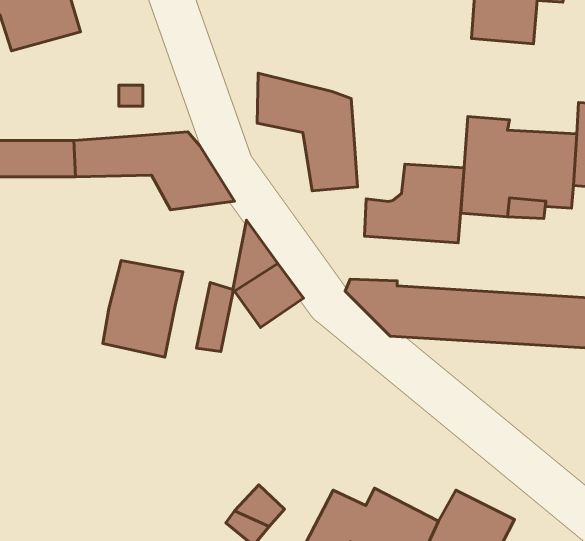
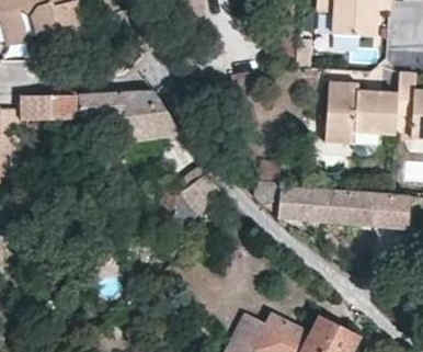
building: [257,73,358,191] -> none
building: [364,164,464,243] -> none
building: [103,261,183,357] -> none

